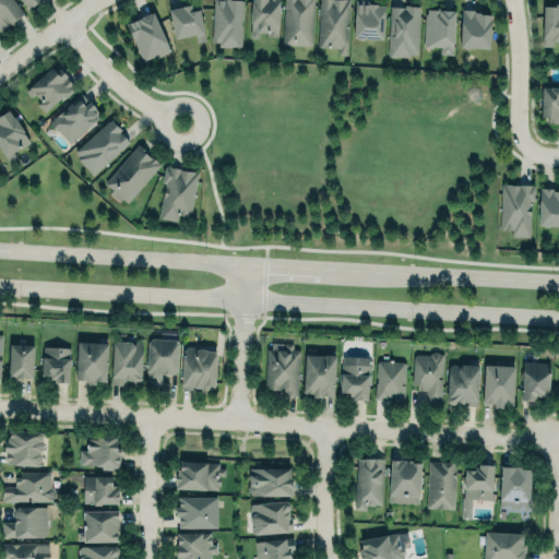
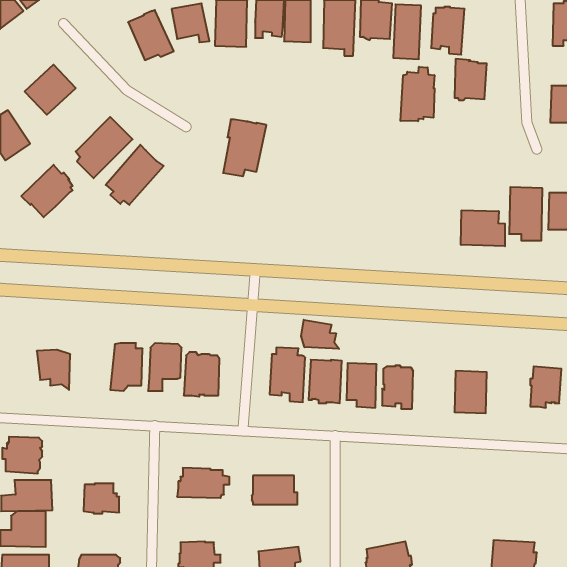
building: [462,10,493,50] -> [455,59,487,100]
building: none -> [401,67,435,121]
building: [50,93,100,144] -> [21,165,73,217]
building: [158,167,201,223] -> [223,119,266,176]
building: none -> [461,210,505,246]
building: none -> [301,320,339,349]
building: [76,342,109,384] -> none
building: [9,343,35,382] -> none
building: [414,353,445,406] -> none
building: [484,364,515,408] -> none
building: [81,435,122,467] -> none
building: [353,456,384,510] -> none
building: [425,461,456,510] -> none
building: [390,462,423,506] -> none
building: [462,465,496,520] -> none
building: [500,466,532,511] -> none
building: [174,495,219,526] -> none
building: [247,499,294,536] -> none
building: [80,509,120,543] -> none

